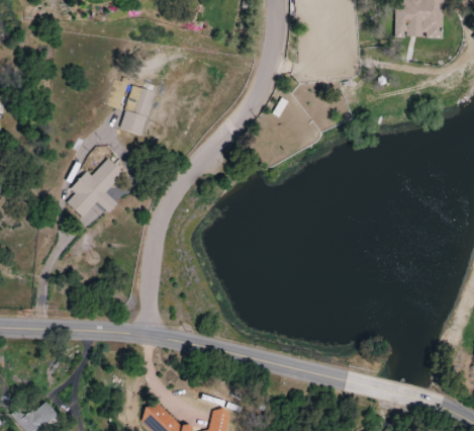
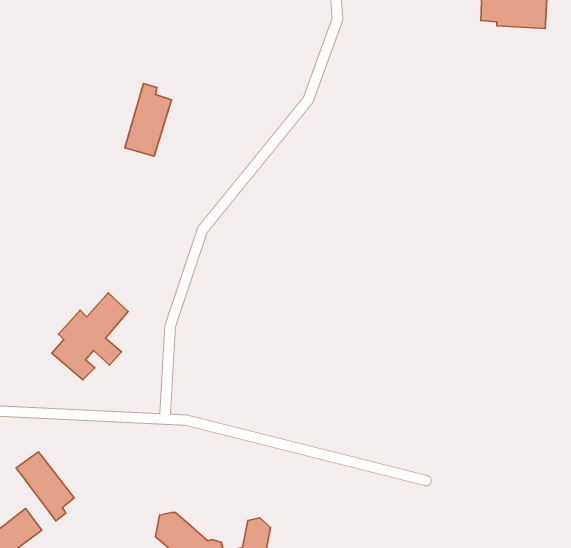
building: [67,158,124,224] -> [52,293,128,380]
building: none -> [16,452,74,521]

